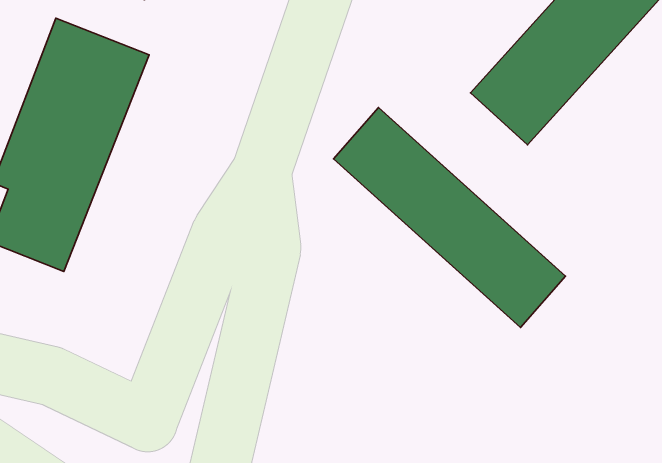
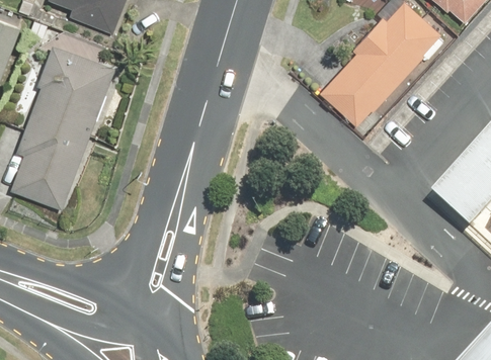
building: [333,108,566,328] -> none

